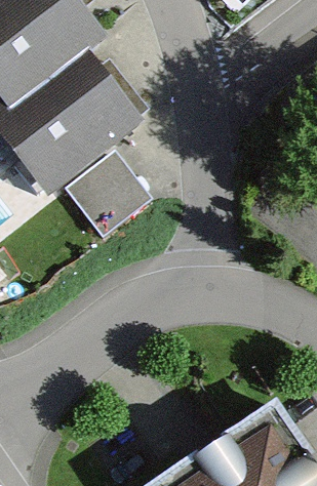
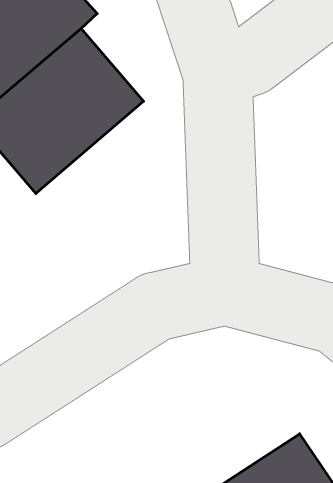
building: [69,144,160,234] -> none

